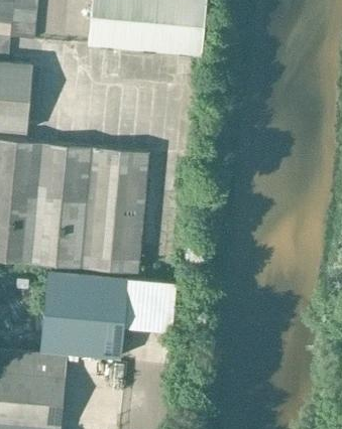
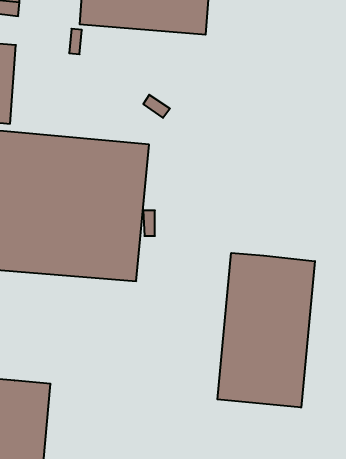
building: none -> [217,253,315,408]
building: [41,270,178,358] -> none

